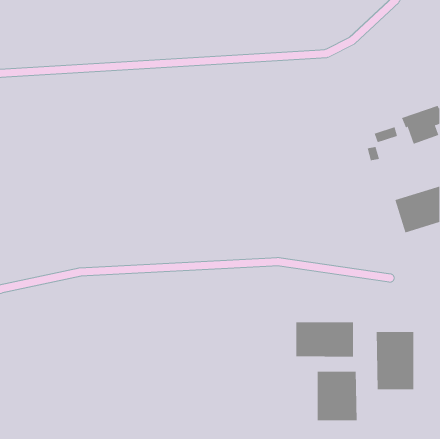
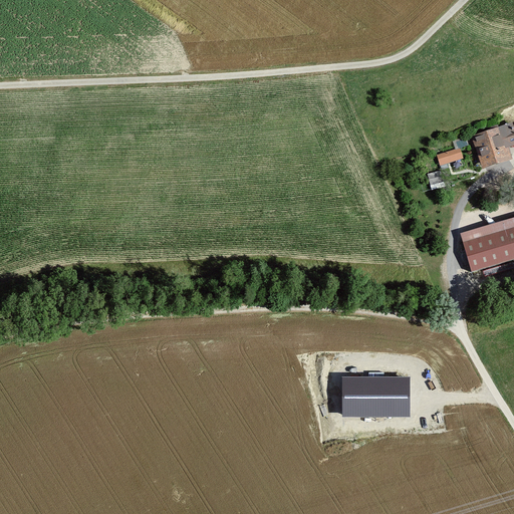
building: [376,331,414,390] -> none
building: [317,371,357,421] -> none

